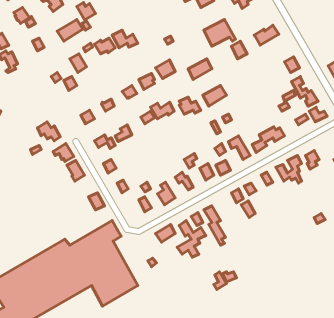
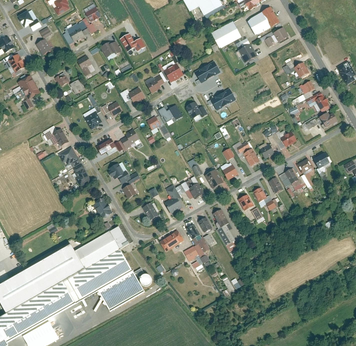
building: none -> [248,8,276,34]
building: none -> [11,74,39,106]

